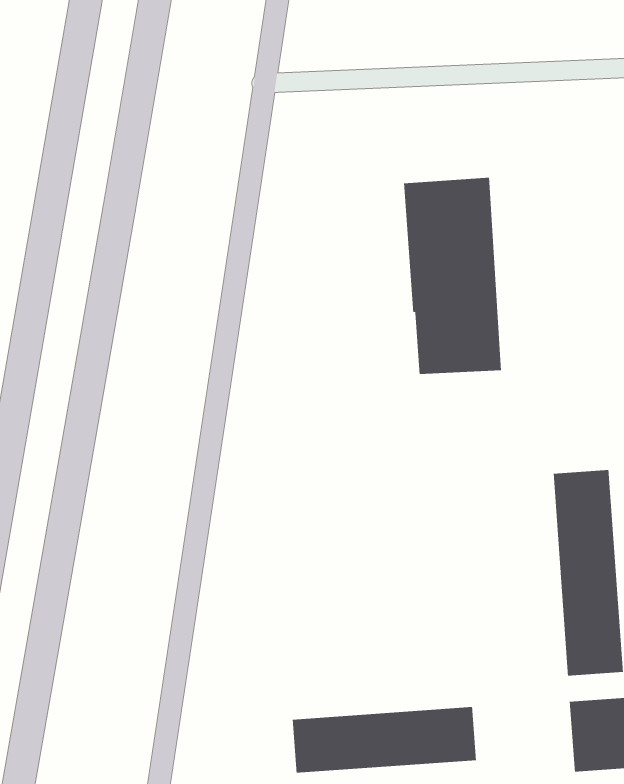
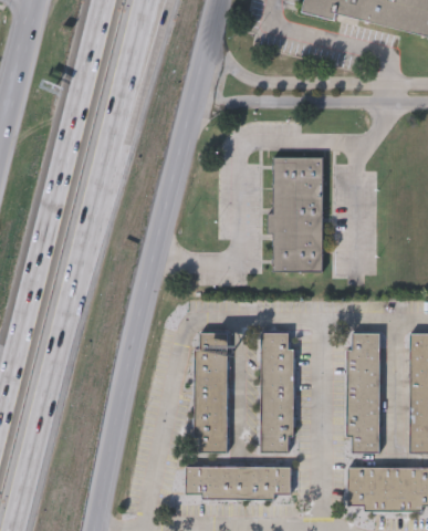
building: none -> [260,333,293,452]
building: none -> [194,333,229,452]

